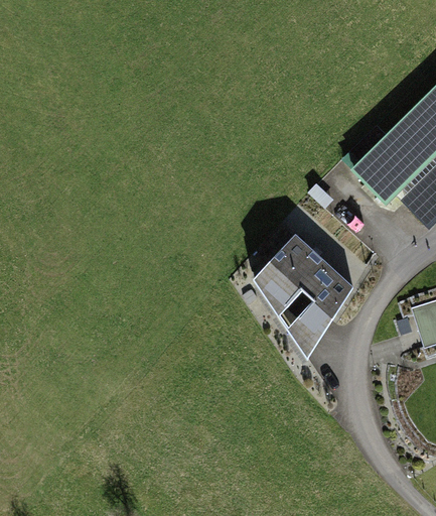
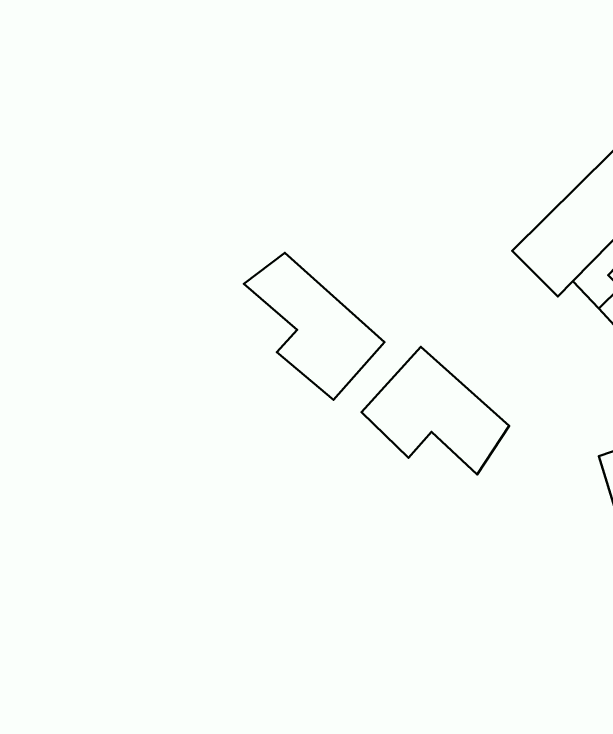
building: none -> [244,253,384,400]
building: [254,277,332,359] -> none

